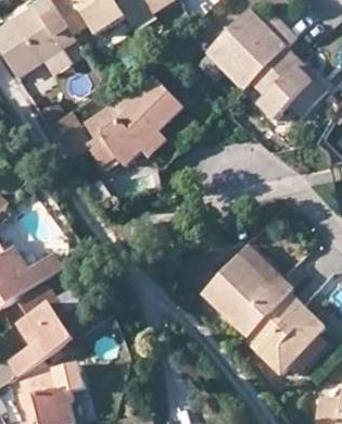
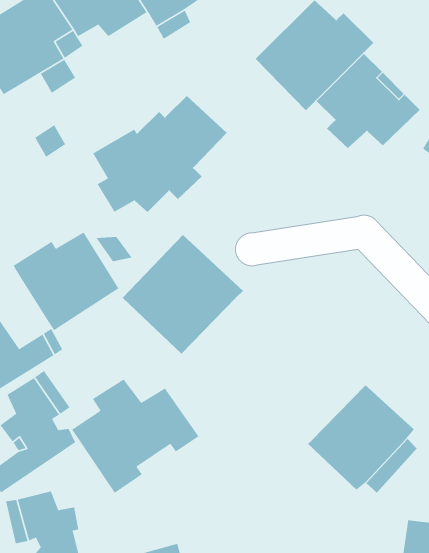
building: none -> [12,231,120,331]
building: [202,247,293,337] -> [122,234,244,355]
building: none -> [71,378,199,494]

